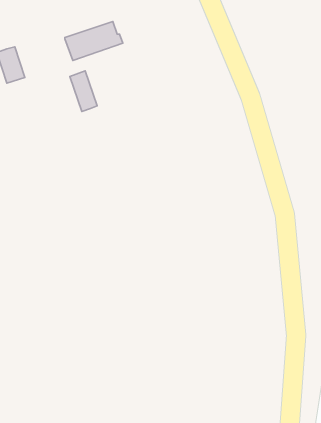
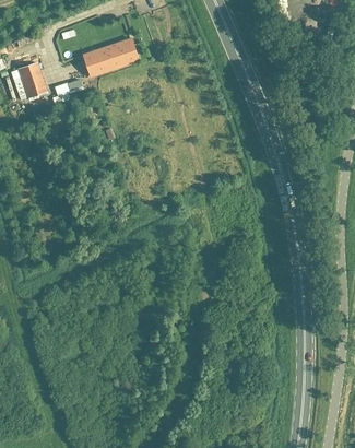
building: [70,71,97,111] -> none

